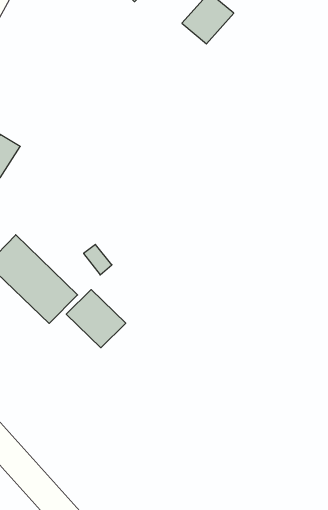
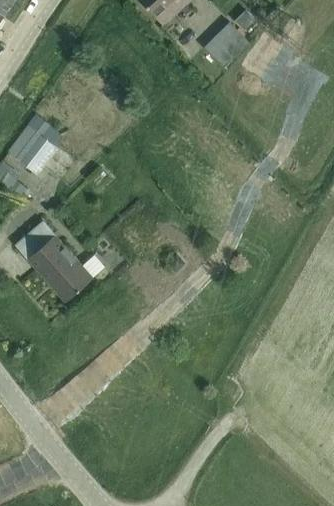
building: [66,290,126,348] -> none

